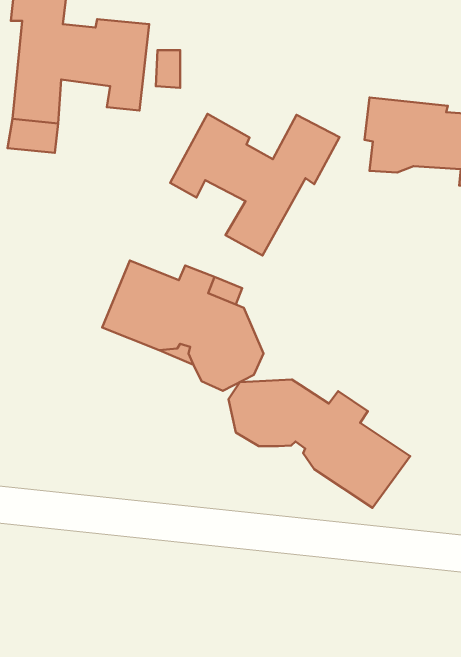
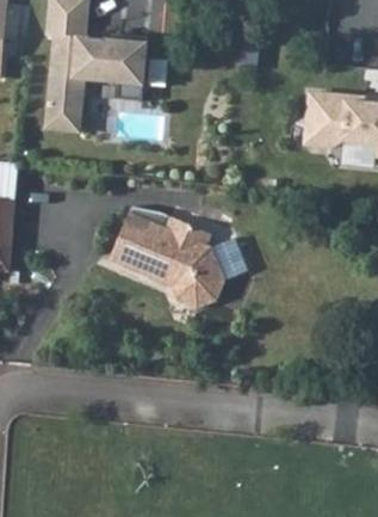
building: [170,114,340,256] -> none
building: [228,379,410,508] -> none

